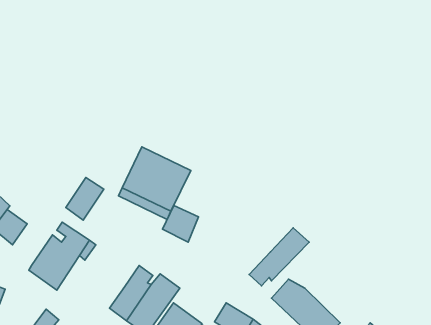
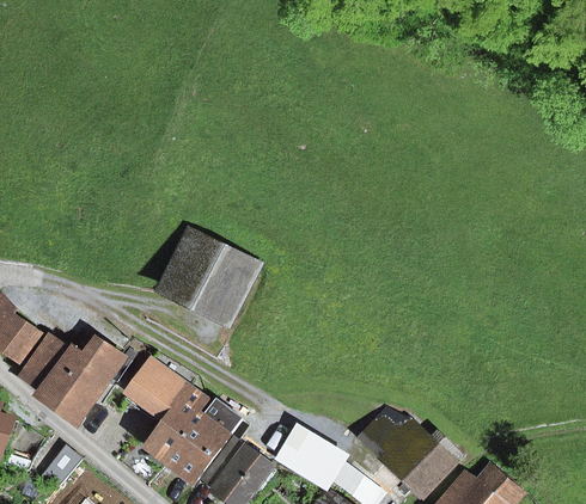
building: [66,178,104,220] -> [22,333,72,389]
building: [163,206,199,242] -> none
building: [249,228,309,286] -> none
building: none -> [130,363,187,417]

